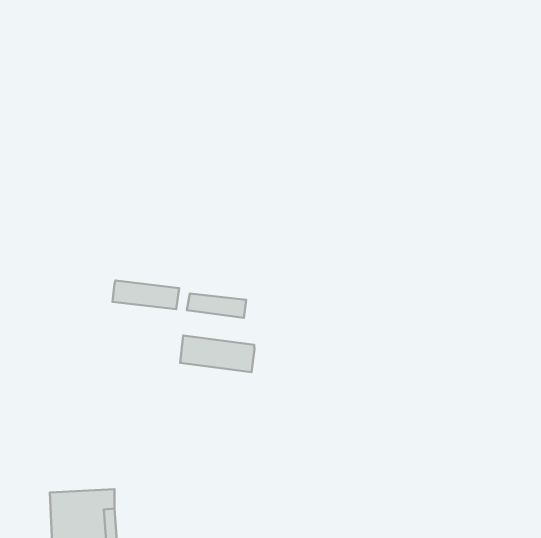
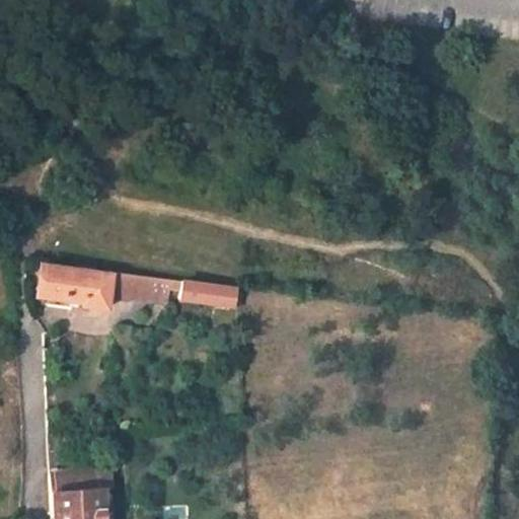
building: none -> [39,267,110,308]
building: [180,336,254,372] -> none

